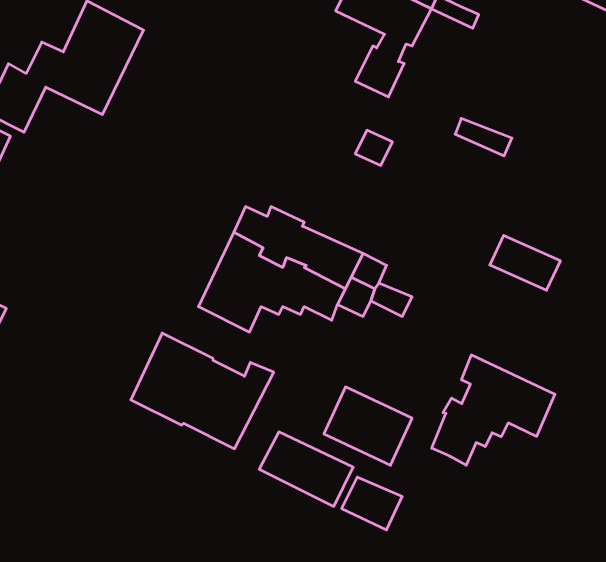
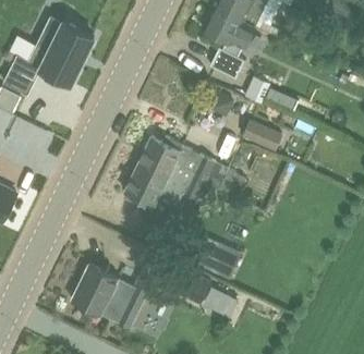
building: [490,235,560,290] -> [243,121,282,151]
building: [131,333,274,449] -> [72,265,151,329]
building: [432,355,555,465] -> none

